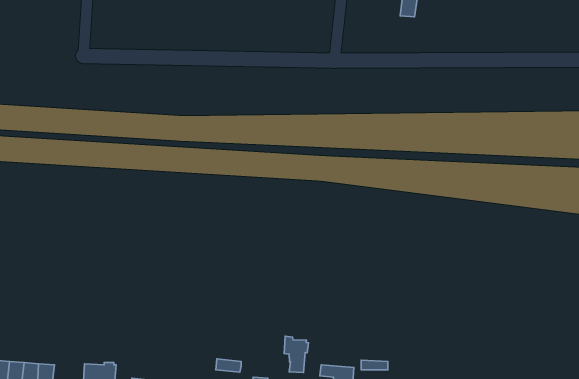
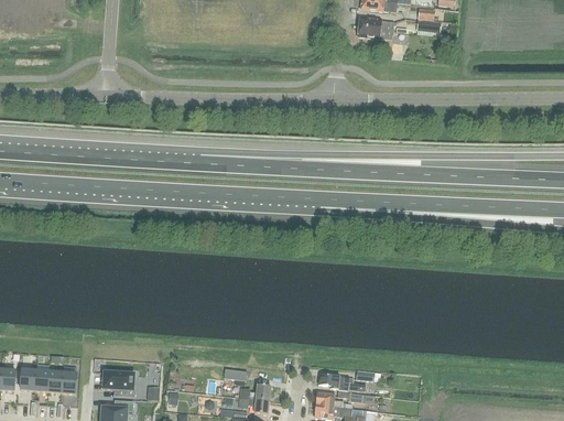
building: [284,336,308,372] -> none

